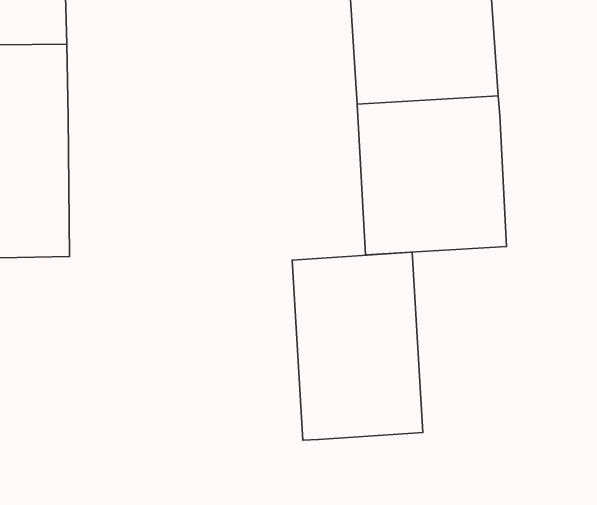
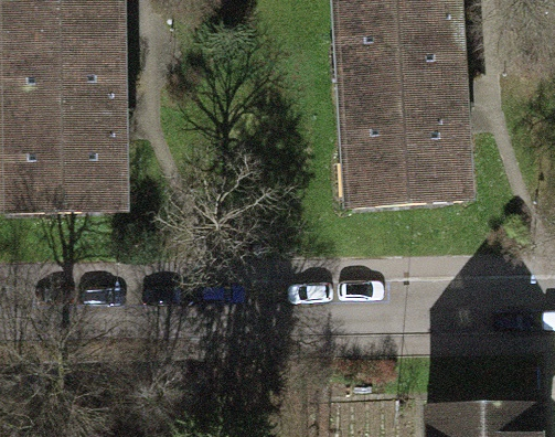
building: [292,252,423,440] -> none

